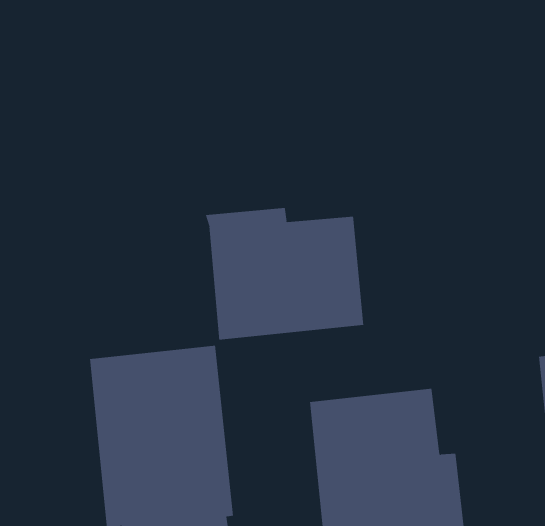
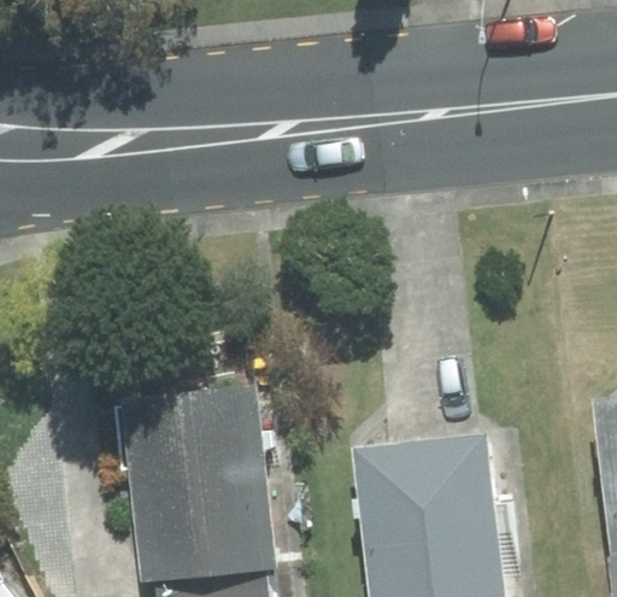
building: [205,207,364,340] -> none

